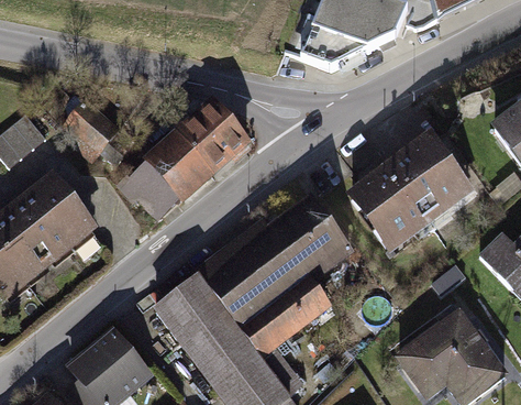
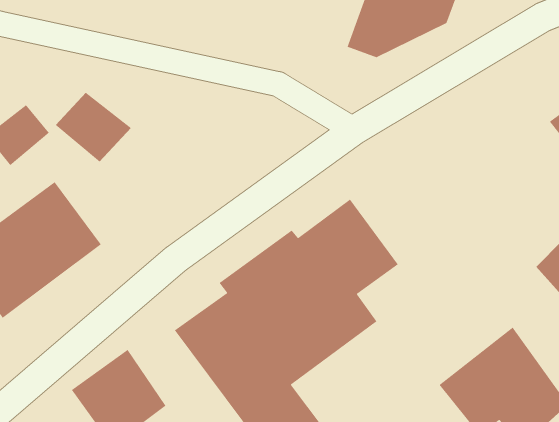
building: [120,99,251,225] -> none
building: [346,132,473,250] -> none

